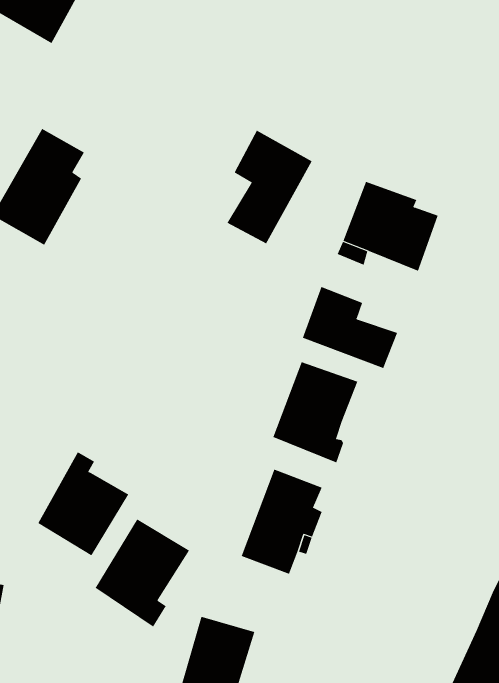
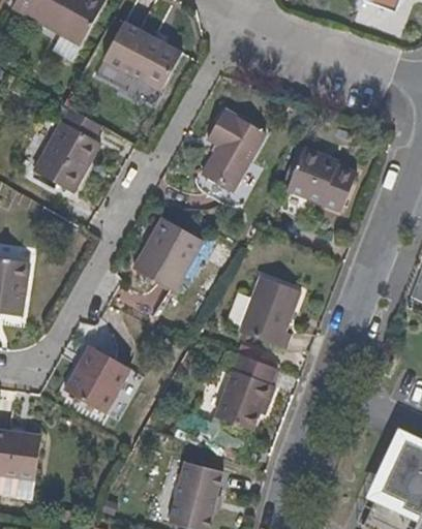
building: none -> [102,22,178,92]
building: none -> [132,220,203,292]
building: [302,286,398,369] -> none
building: [95,518,190,627] -> none

